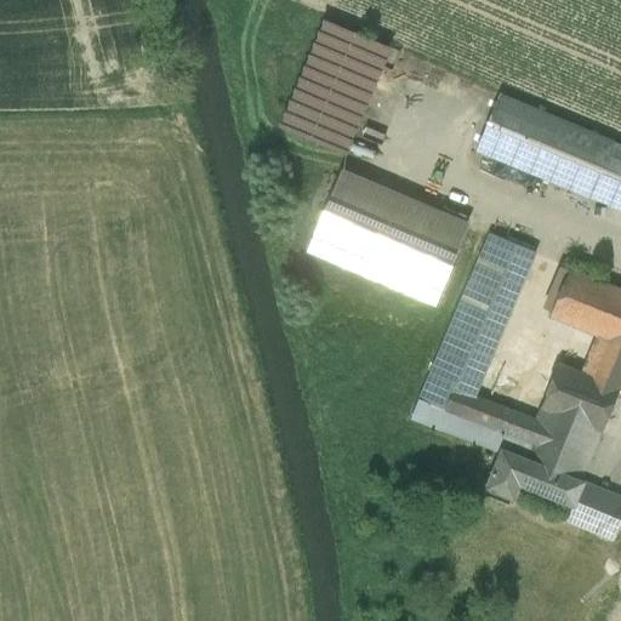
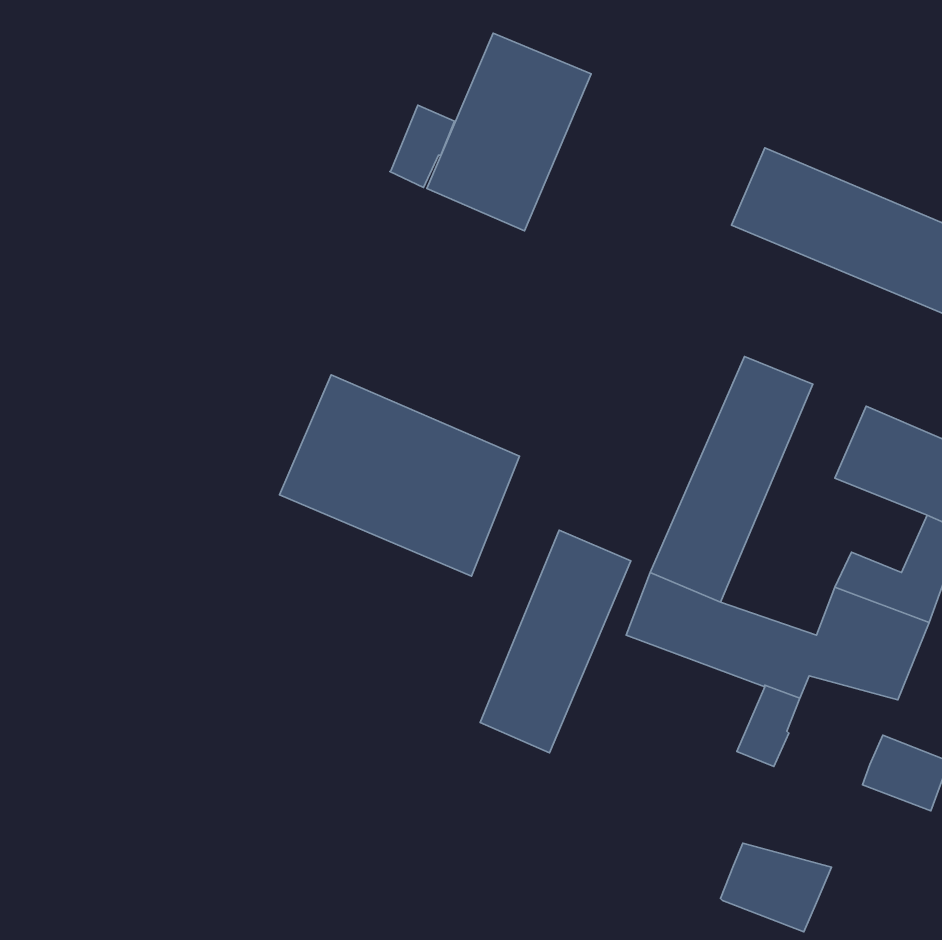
building: none -> [390,105,454,187]
building: [309,171,467,303] -> [280,375,520,576]
building: none -> [480,530,631,753]
building: [518,444,591,502] -> [721,843,831,932]

